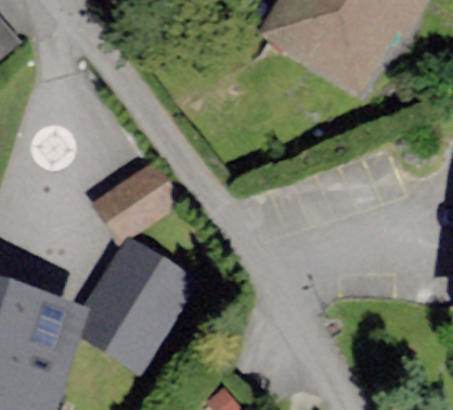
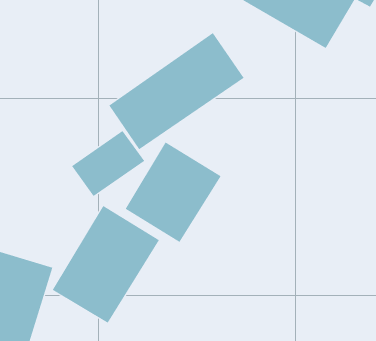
building: none -> [109,32,245,150]
building: none -> [125,142,221,243]

